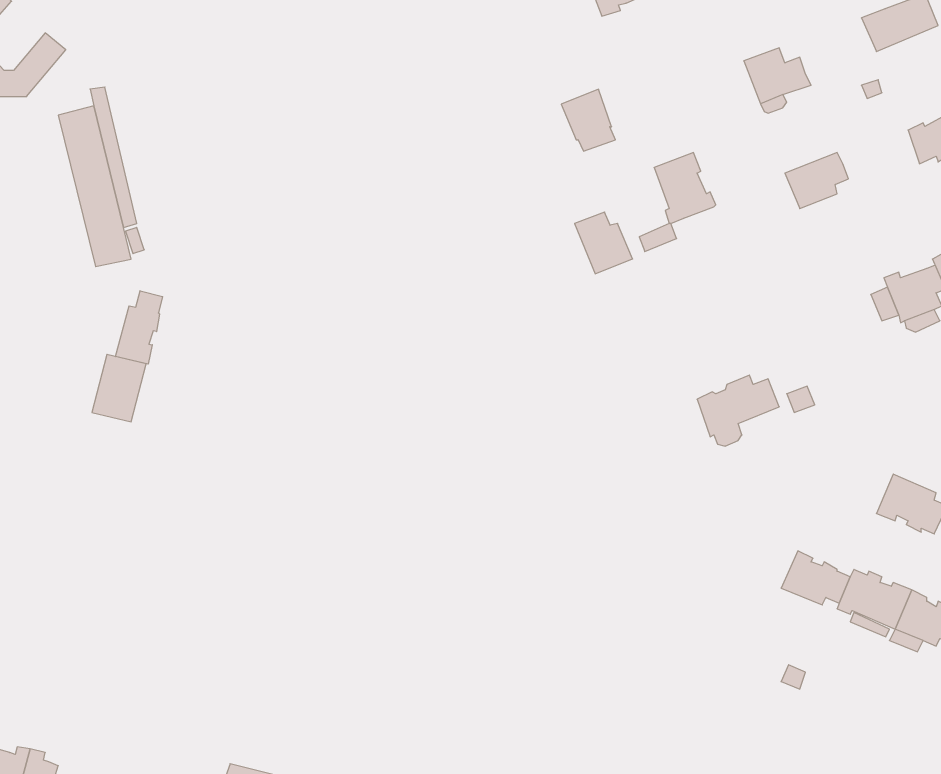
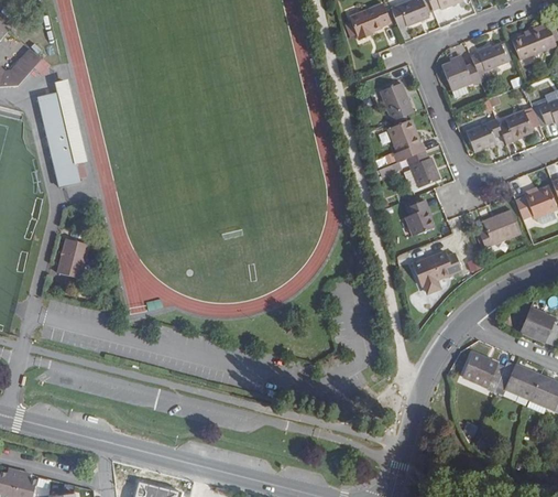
building: none -> [471,44,507,79]
building: [561,89,615,151] -> [380,84,412,120]
building: none -> [500,111,533,144]
building: [575,212,633,274] -> [406,151,440,187]
building: [115,291,163,364] -> none
building: none -> [406,201,435,236]
building: none -> [480,210,522,247]

